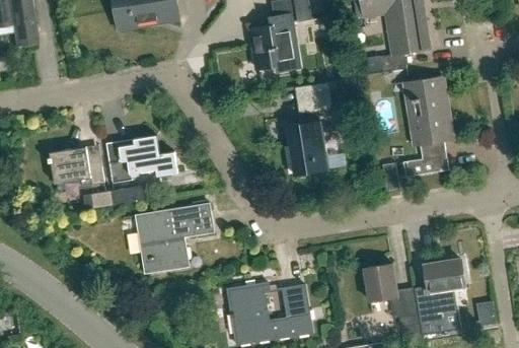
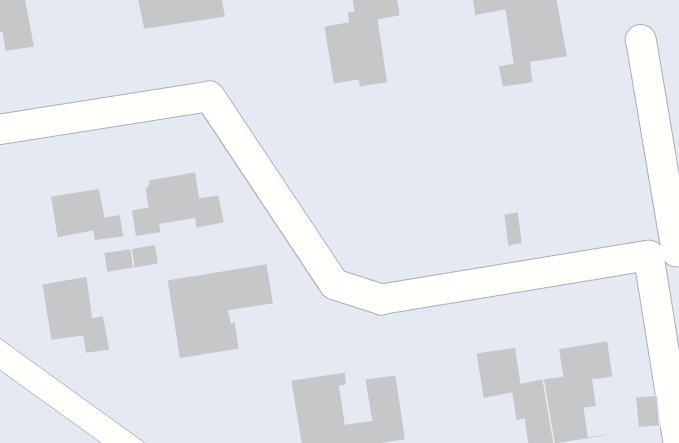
building: [403,77,454,177] -> none
building: [287,82,336,175] -> none
building: none -> [42,276,110,354]

